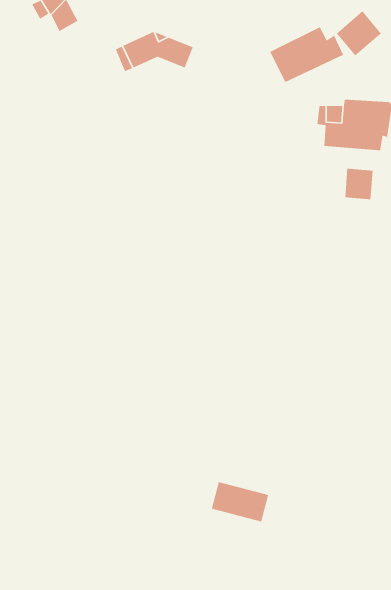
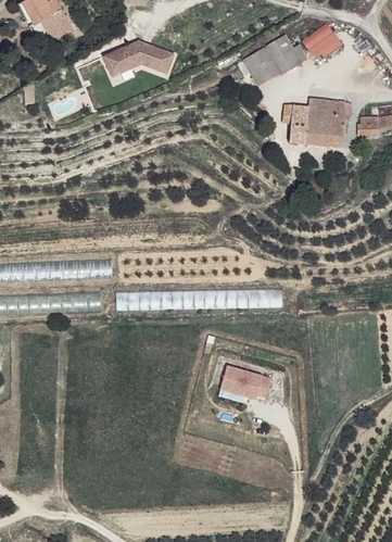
building: [344,168,374,200] -> none
building: [211,481,269,523] -> [219,364,271,401]

